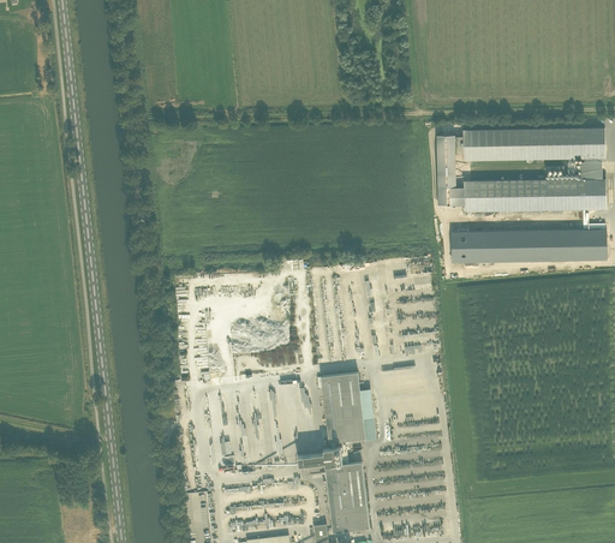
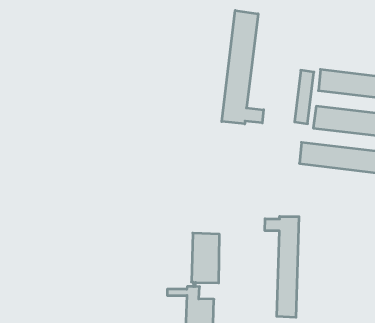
building: none -> [222,10,264,124]
building: none -> [265,216,299,317]

